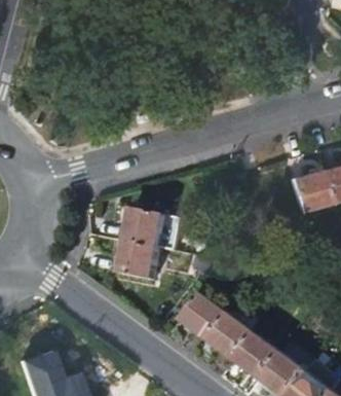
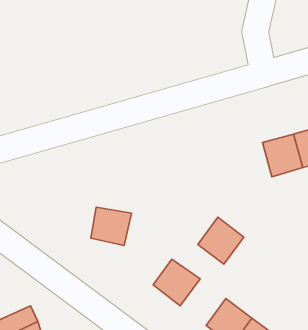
building: [127,210,176,250] -> none
building: [211,314,256,360] -> [198,217,244,264]

